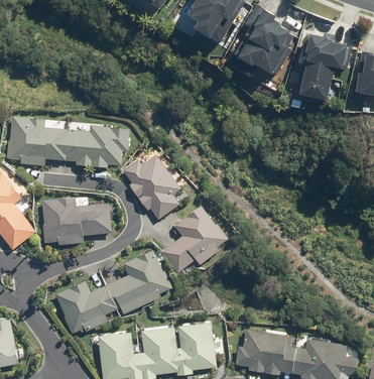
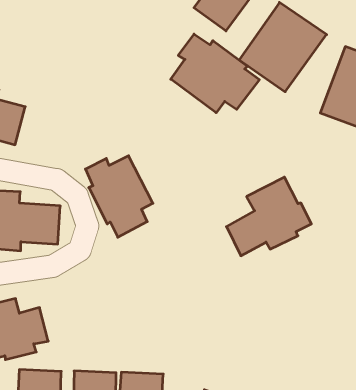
building: none -> [171,34,259,113]
building: [65,124,129,166] -> none
building: [161,205,228,272] -> [226,177,311,256]
building: [105,249,171,312] -> none

